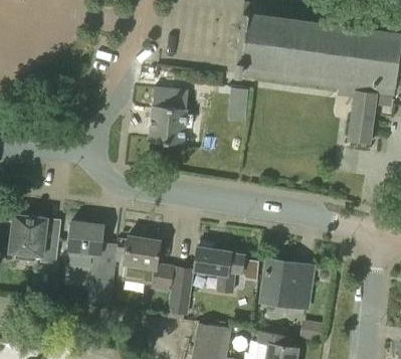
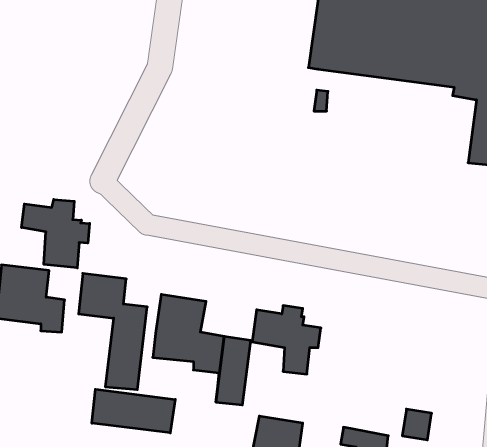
building: [149,87,189,145] -> none
building: none -> [22,199,90,268]
building: [262,258,309,310] -> none
building: none -> [92,389,175,433]

